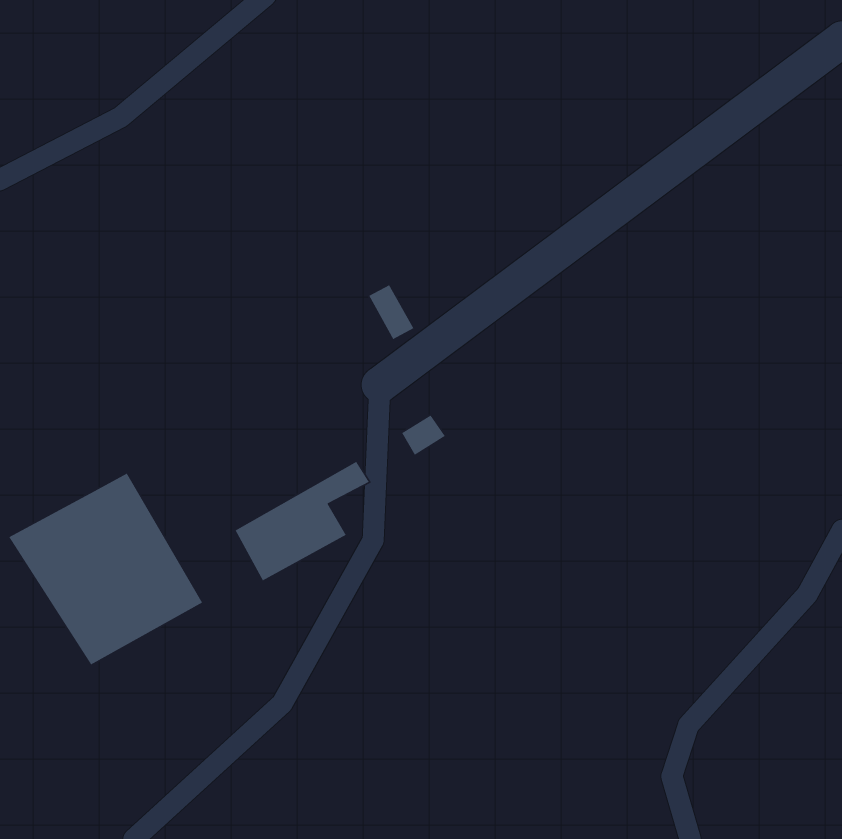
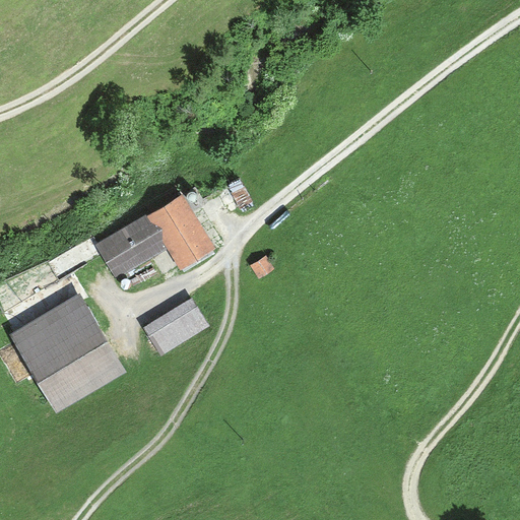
building: none -> [96,196,212,278]

